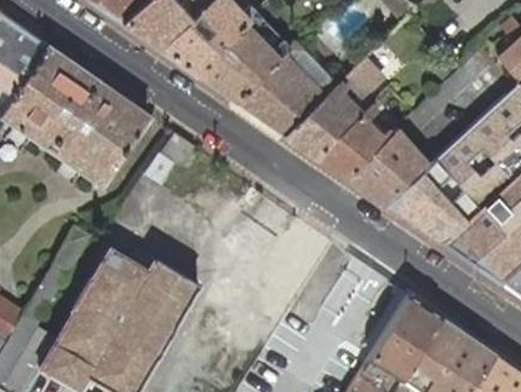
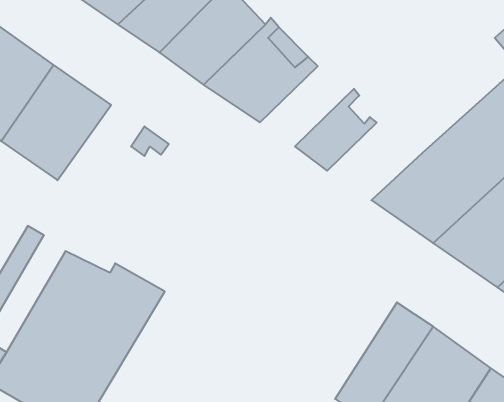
building: [284,59,377,155] -> none
building: [344,127,430,203] -> none

